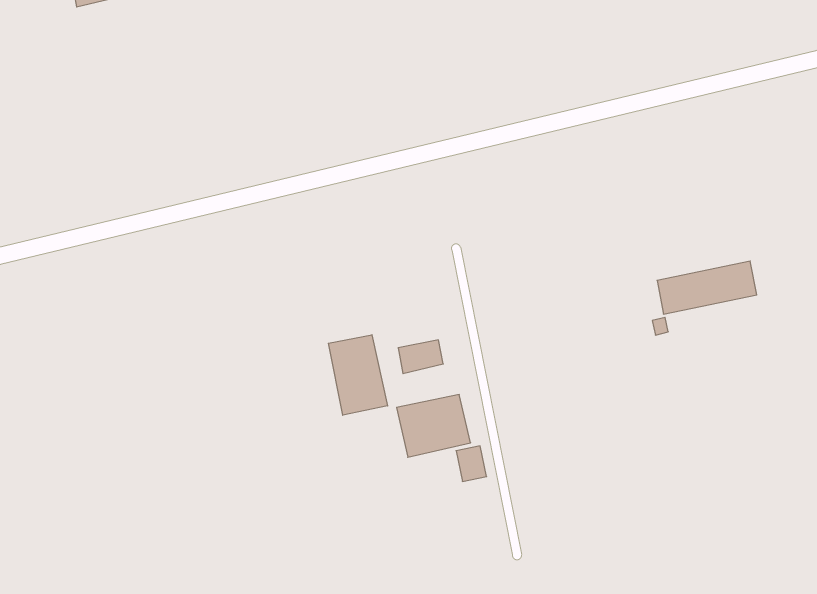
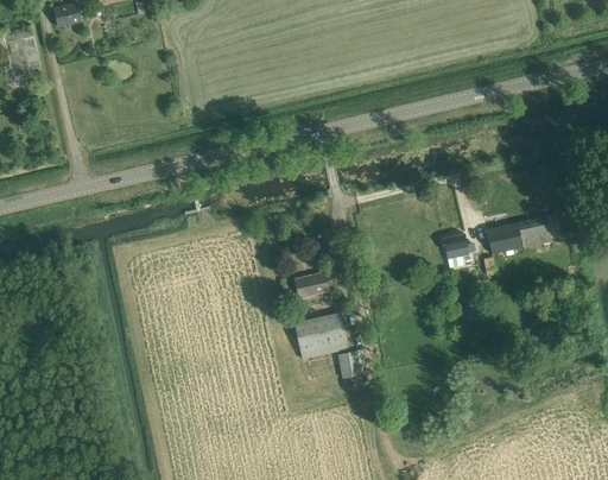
building: none -> [442,233,468,267]
building: [328,335,388,415] -> none

